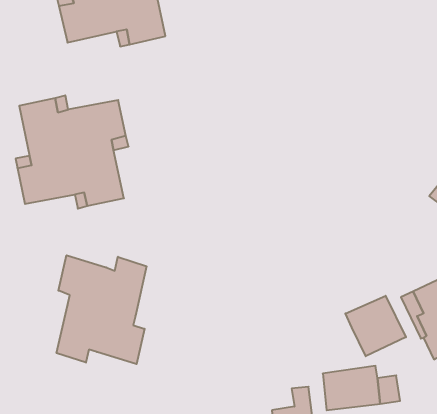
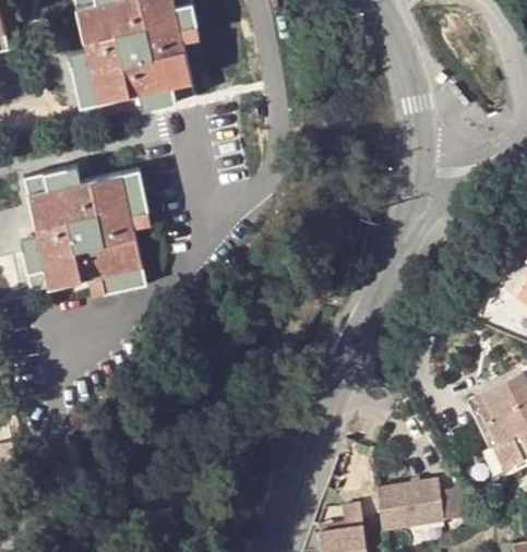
building: [57,255,147,364] -> none
building: [345,296,406,356] -> none

